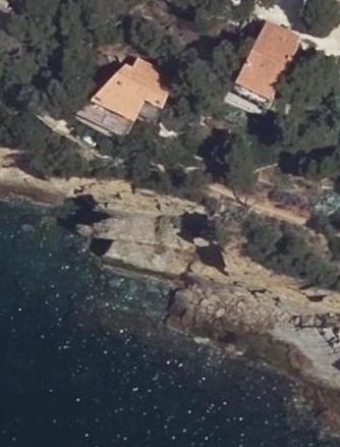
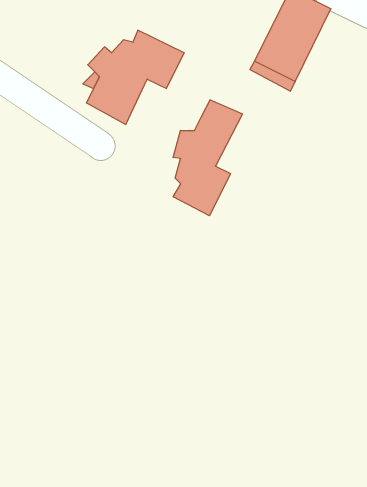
building: none -> [173,100,243,216]

